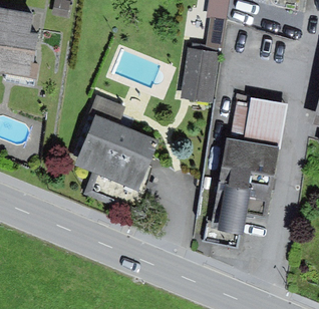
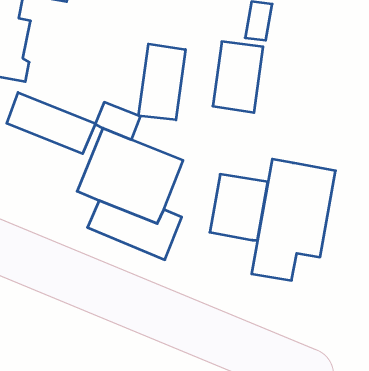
building: none -> [139,44,185,120]
building: none -> [7,92,95,154]
building: [243,97,288,148] -> [210,174,268,240]

